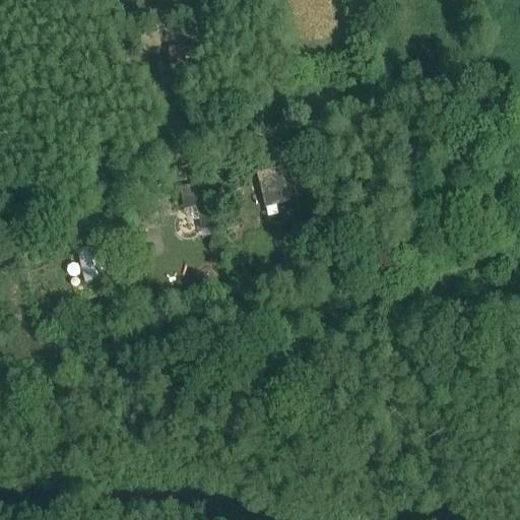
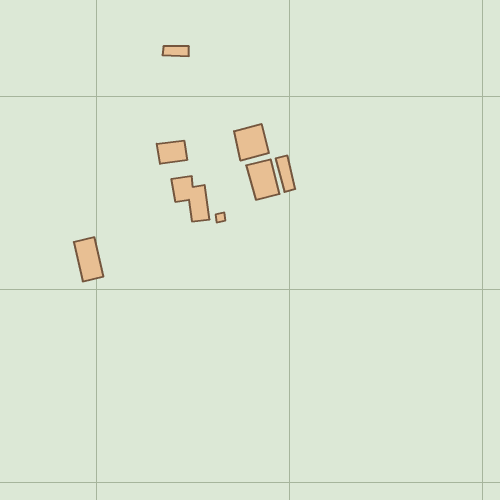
building: none -> [234,124,269,161]
building: none -> [157,141,187,164]

